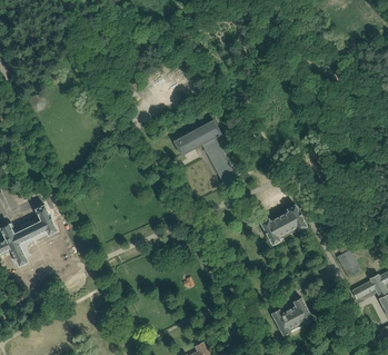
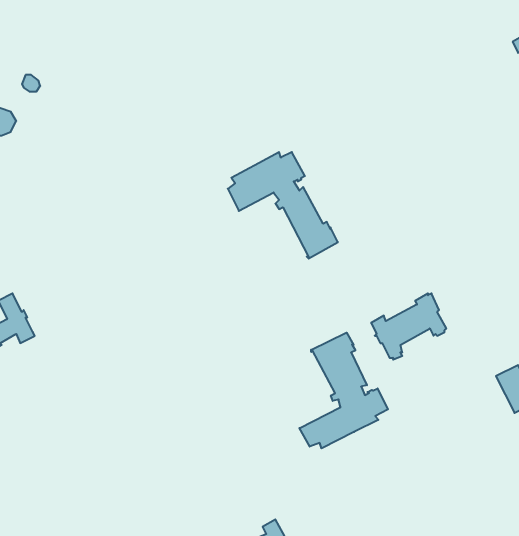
building: none -> [299,333,388,448]
building: [270,297,311,336] -> none

